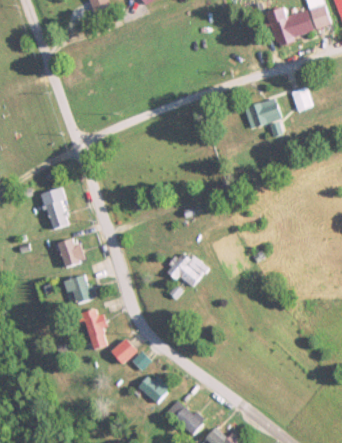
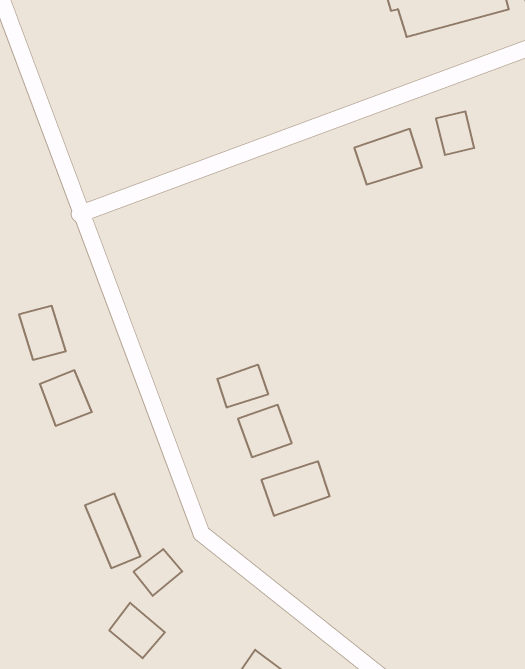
building: none -> [217,365,268,408]
building: [64,272,97,306] -> none
building: none -> [262,461,330,516]
building: [139,371,171,403] -> [109,603,165,658]

